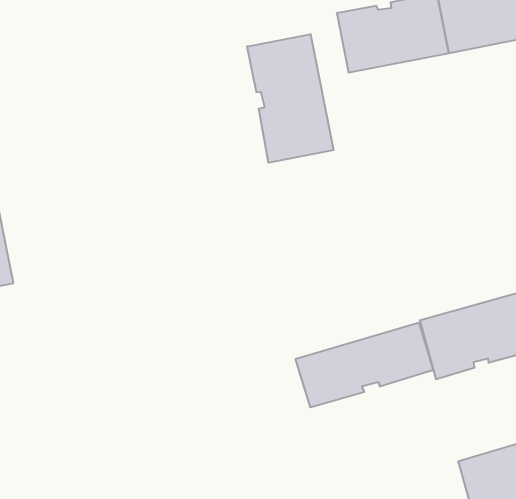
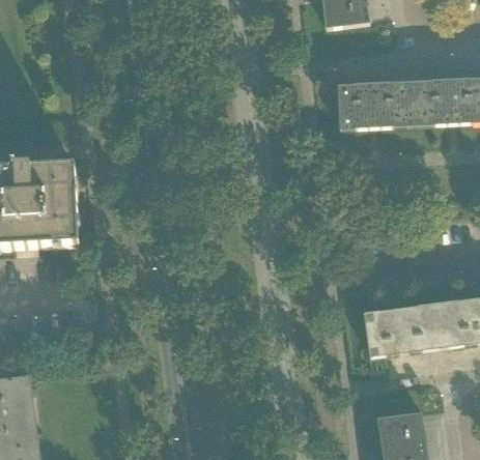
building: [247,34,334,163] -> none
building: [296,323,433,407] -> none

